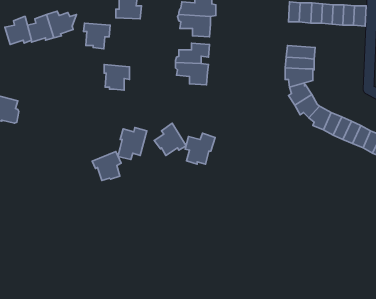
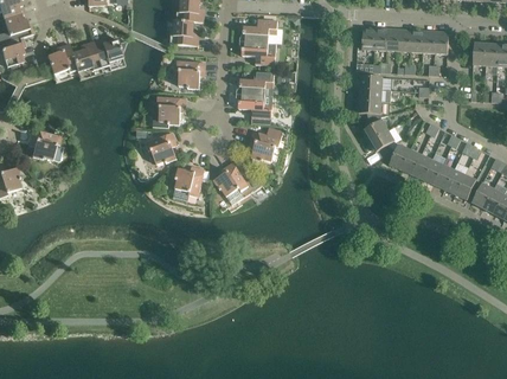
building: [84,23,110,49] -> [175,60,205,89]
building: [185,133,215,164] -> [249,127,282,161]
building: [92,152,121,180] -> [145,131,177,163]

